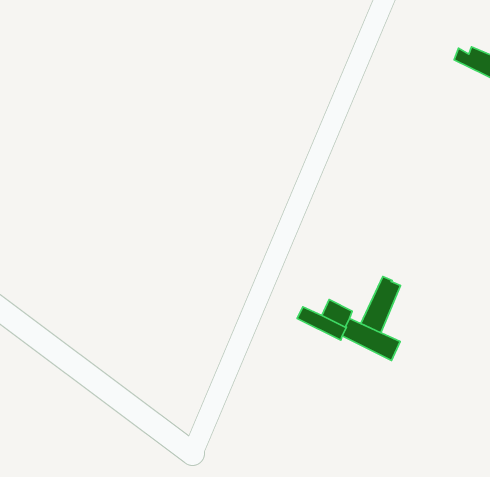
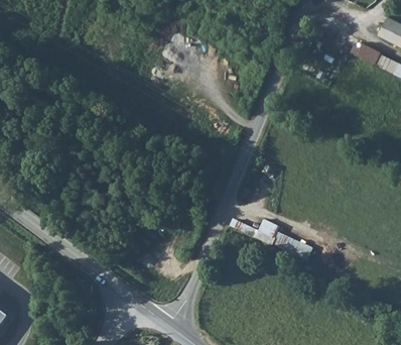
building: [361,277,401,333] -> none

